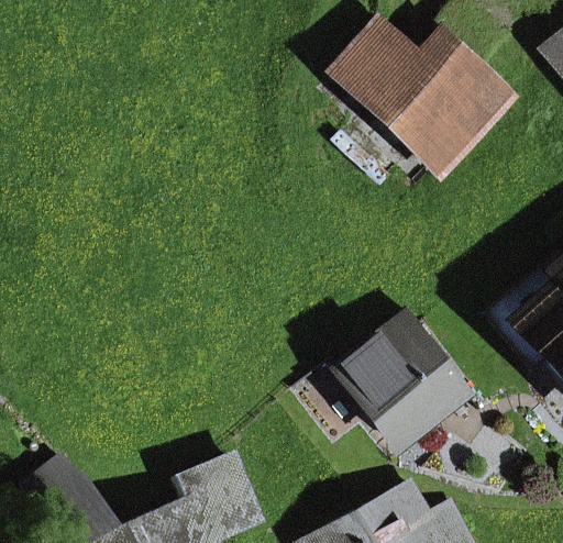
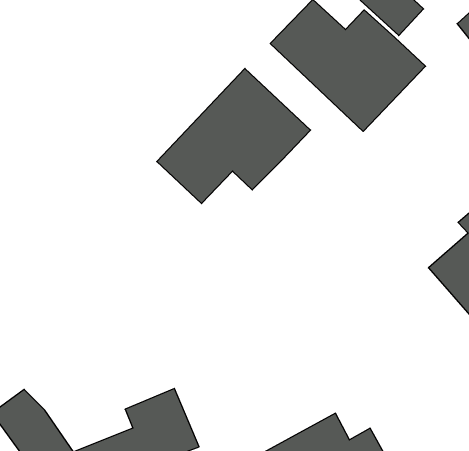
building: none -> [157,68,311,204]
building: [336,311,465,440] -> none

